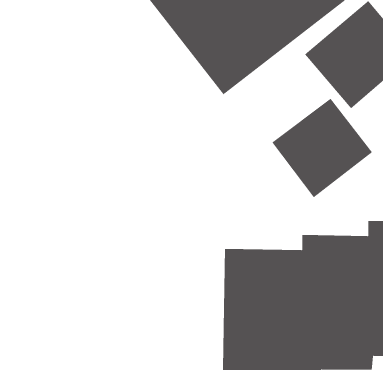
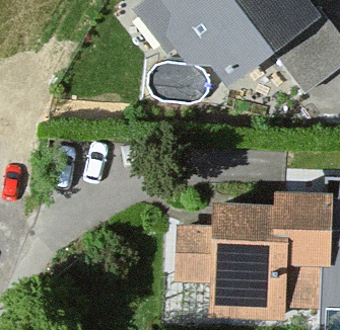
building: [272,98,373,198] -> none

